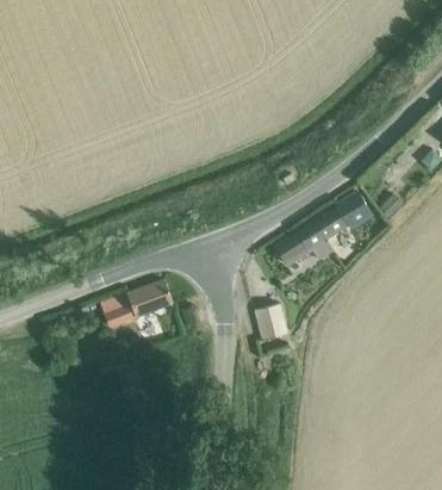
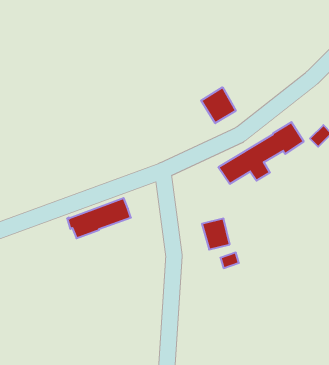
building: none -> [201,87,236,123]

